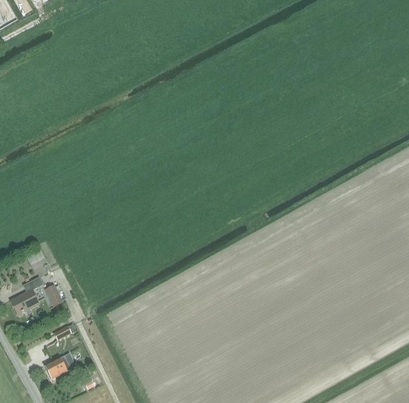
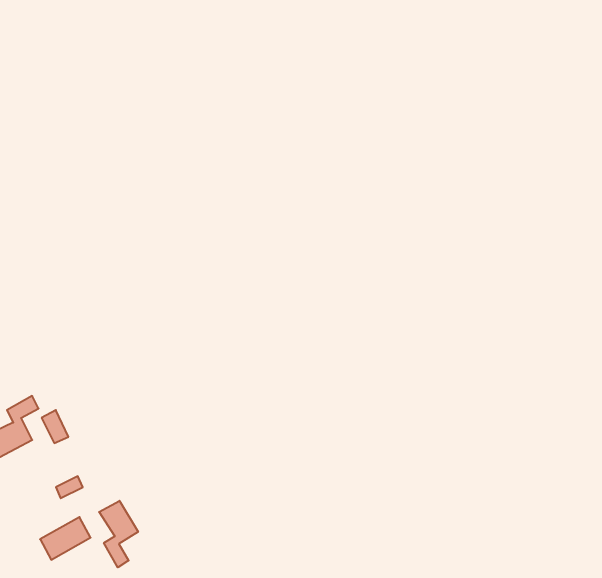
building: none -> [99,501,138,567]

